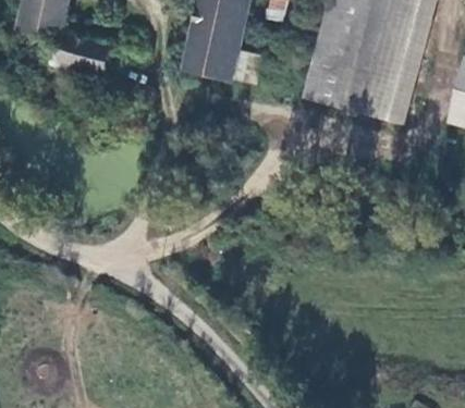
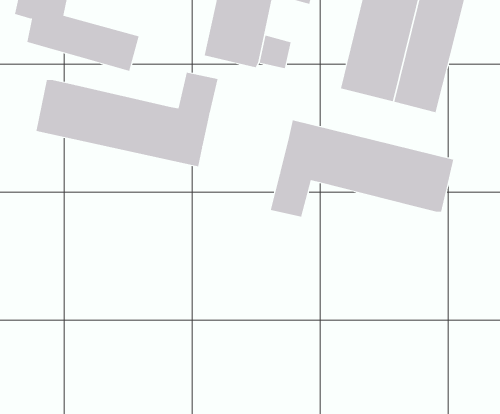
building: none -> [36,72,218,167]
building: none -> [270,119,454,218]

